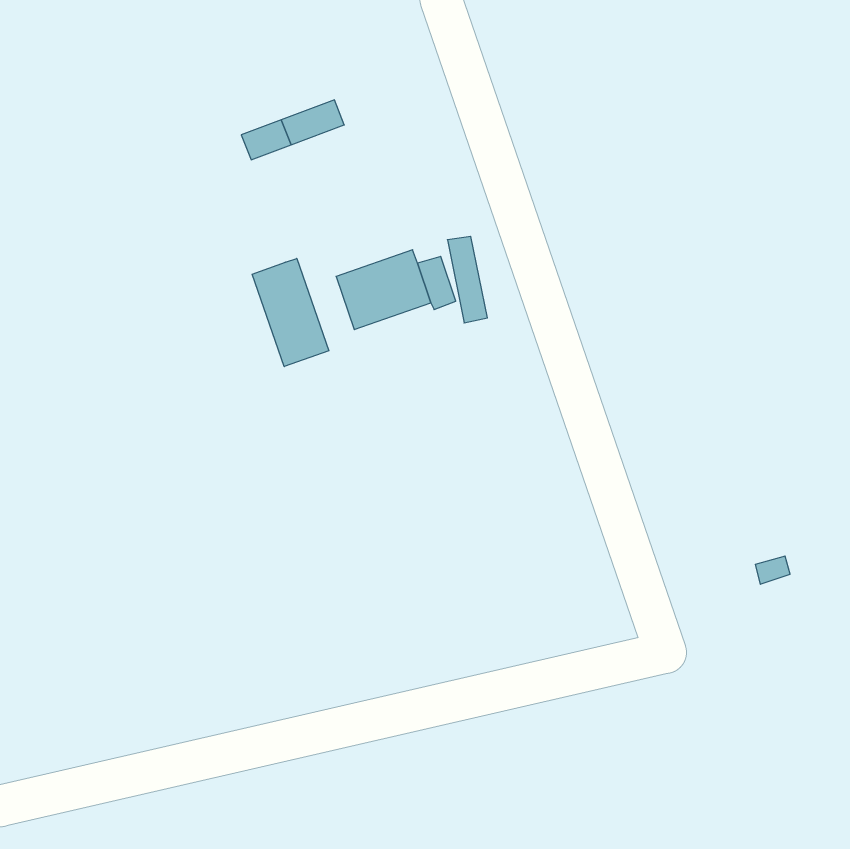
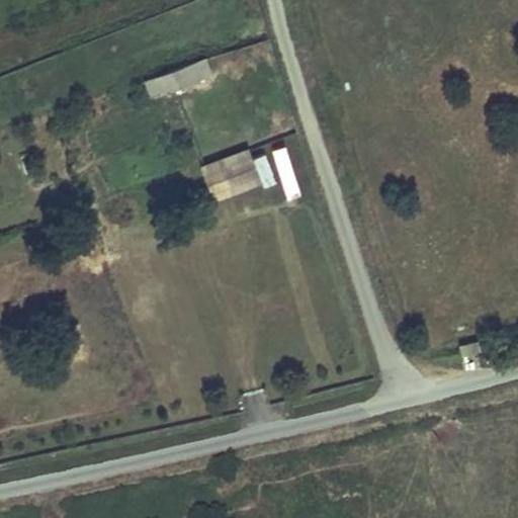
building: [252,258,329,367] -> none

